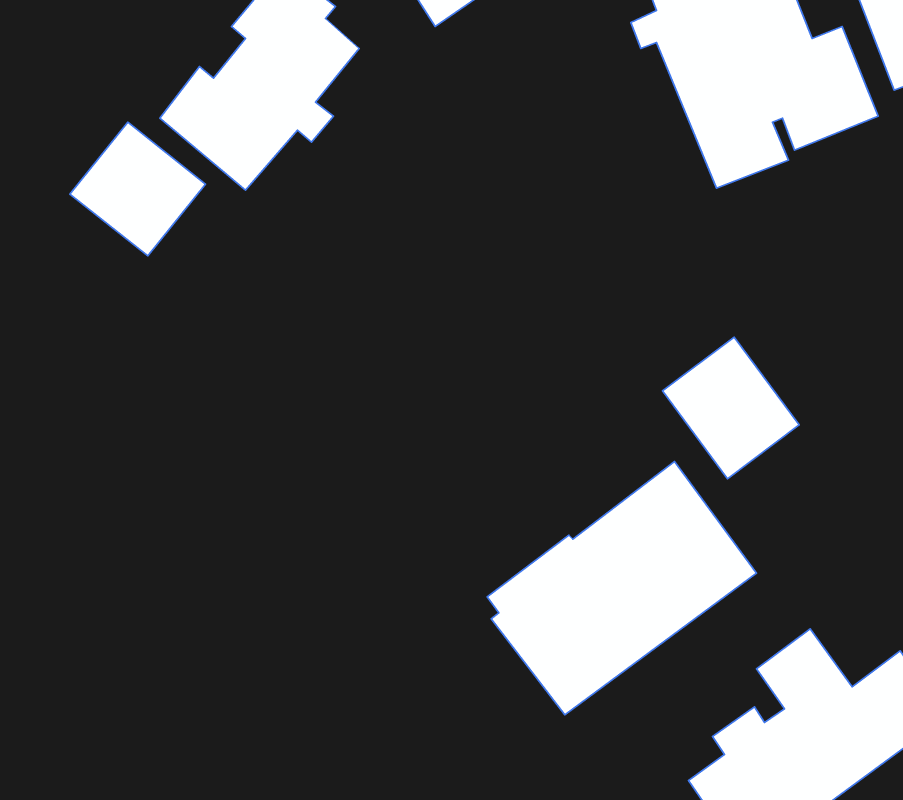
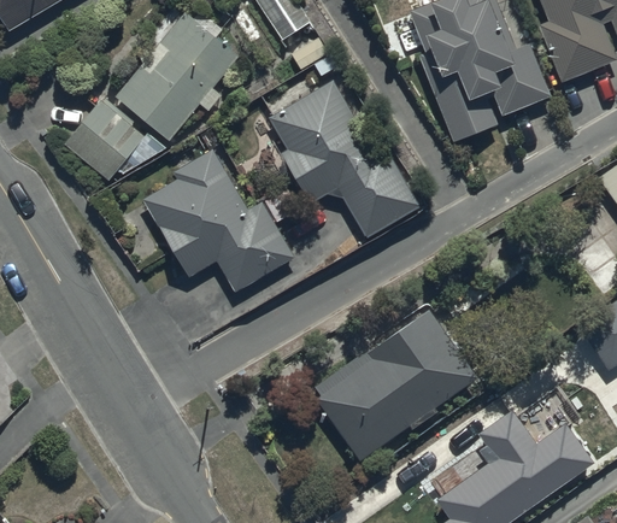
building: none -> [269,81,421,239]
building: none -> [141,151,299,293]
building: [663,337,799,479] -> none

